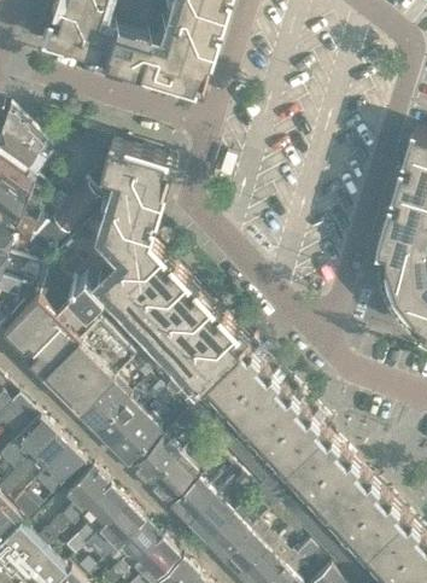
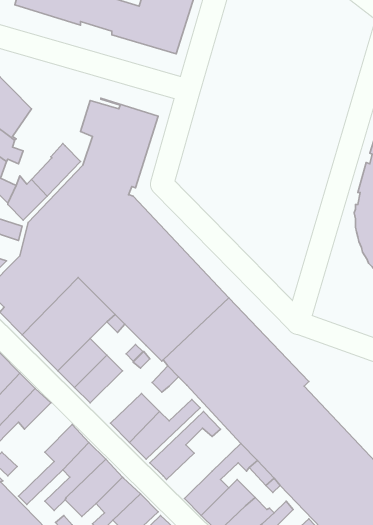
building: [110,415,159,465] -> none
building: [35,448,84,497] -> none
building: [187,474,250,544] -> none

